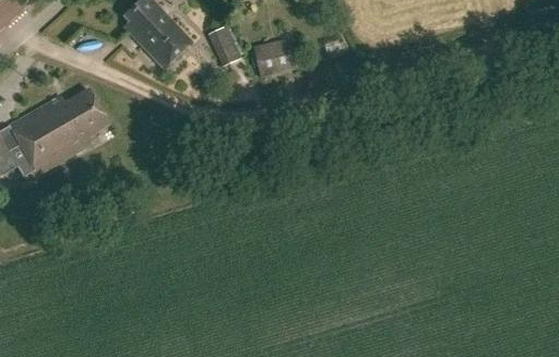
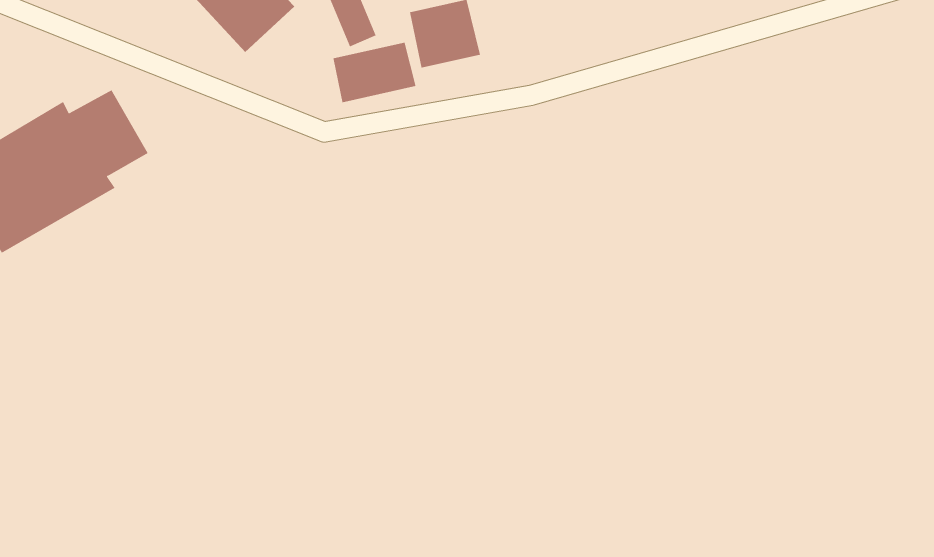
building: none -> [333,42,416,103]

